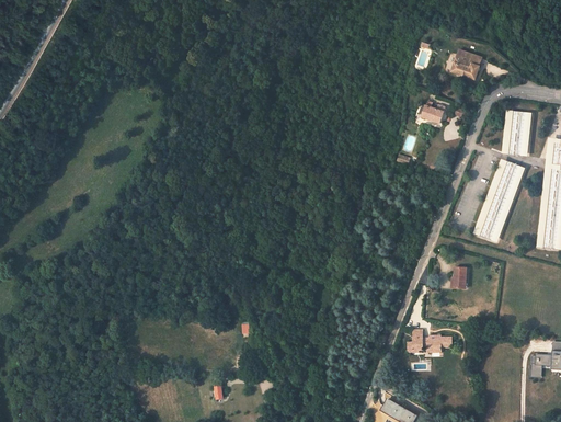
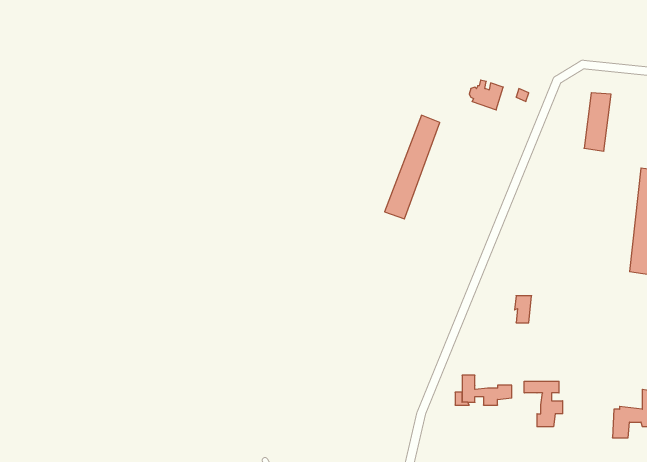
building: [450,49,481,79] -> none
building: [478,160,520,240] -> [385,115,440,219]
building: none -> [524,381,563,427]

